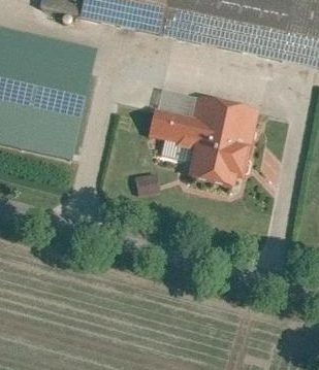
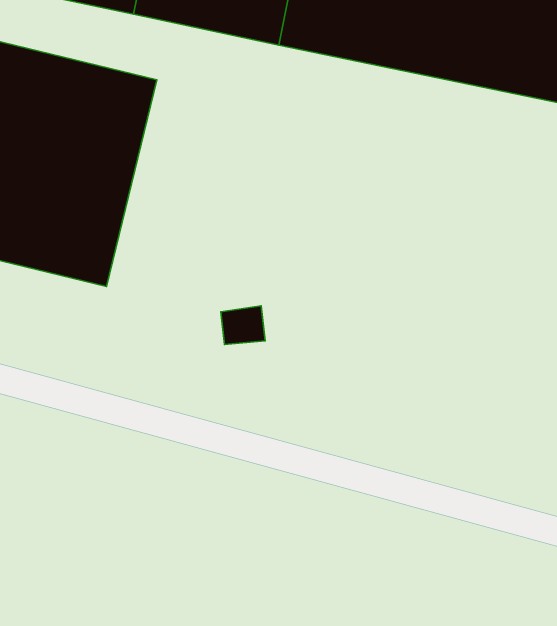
building: [149,97,257,191] -> none

